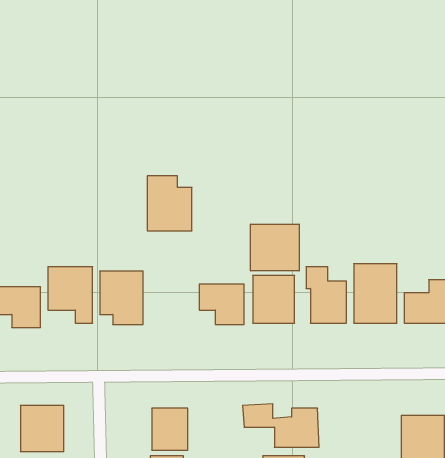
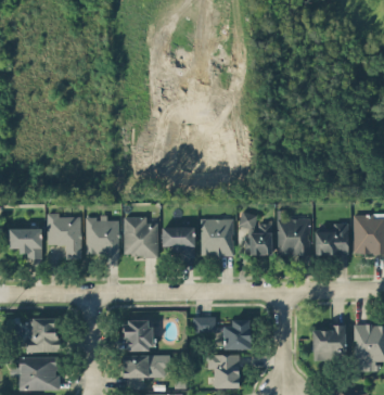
building: [147,176,192,231] -> [124,217,157,258]
building: [251,224,299,271] -> none

